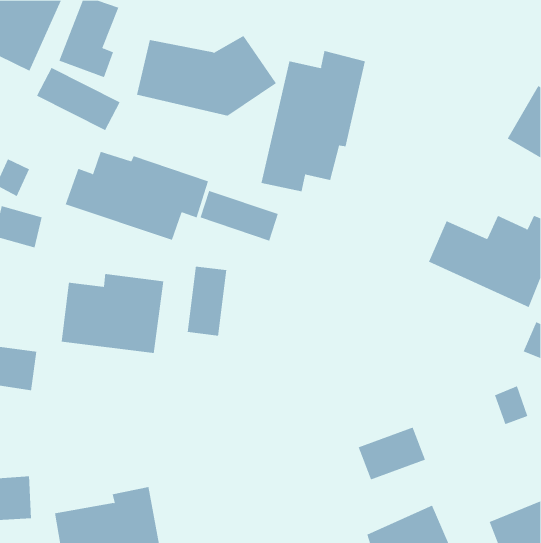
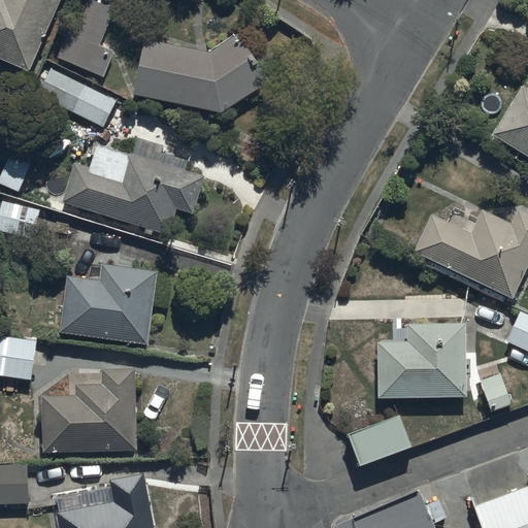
building: [261,50,366,192] -> none
building: [200,190,279,241] -> none
building: [187,266,227,336] -> none
building: none -> [380,324,468,398]
building: none -> [41,368,136,452]

